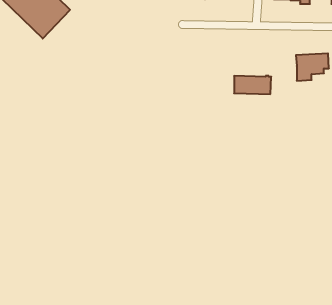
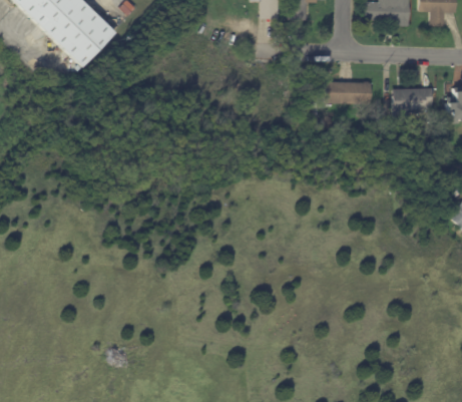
building: [234,76,271,94] -> [324,80,369,102]

